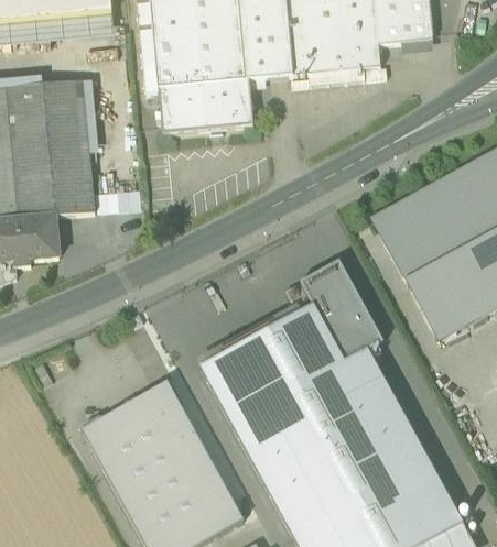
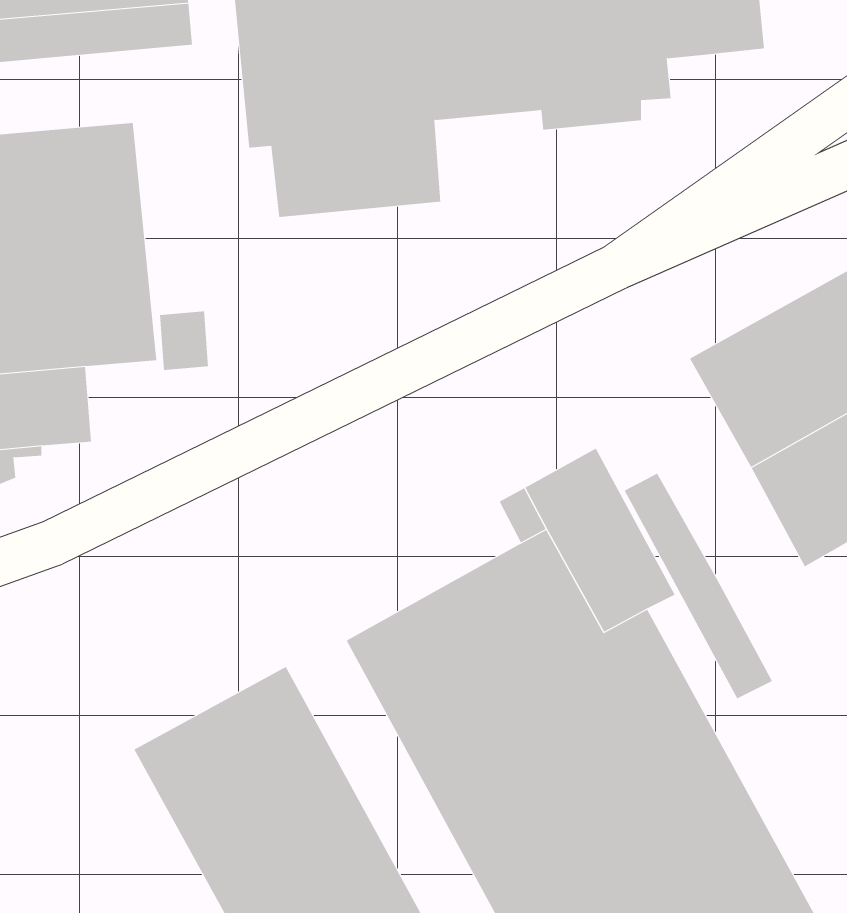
building: [372,209,455,335] -> [624,473,773,699]

